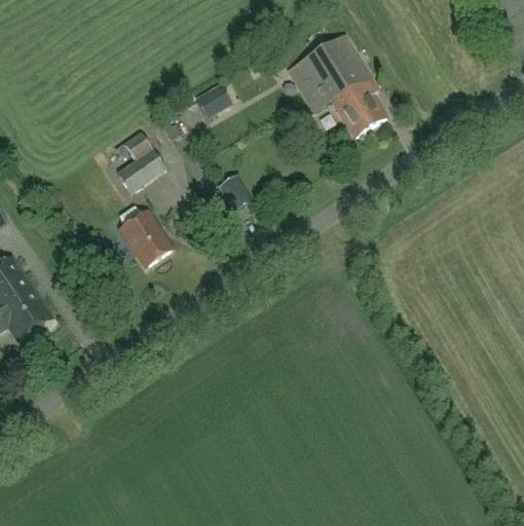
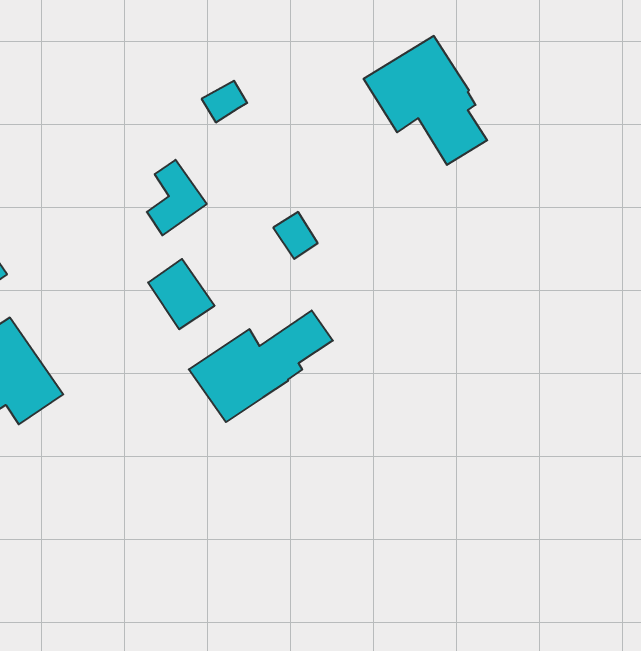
building: [194,84,230,117] -> [202,81,247,122]
building: none -> [189,310,333,422]

